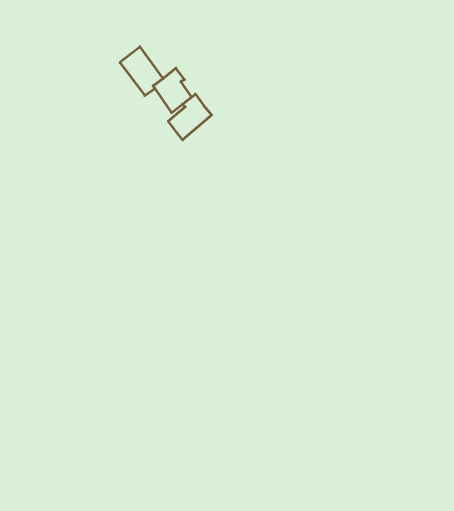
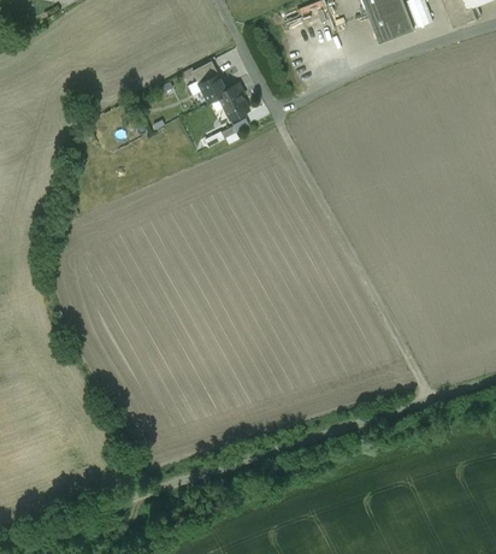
building: [168,94,212,140] -> none

